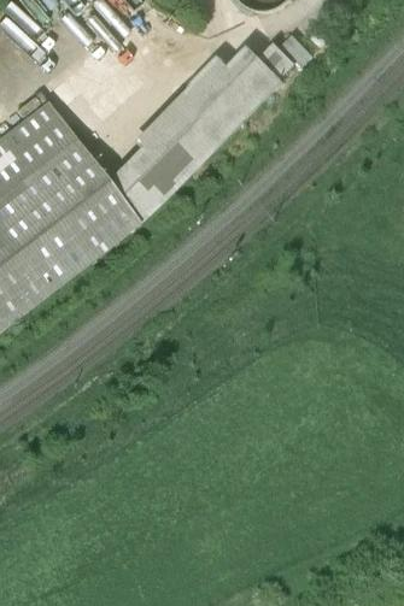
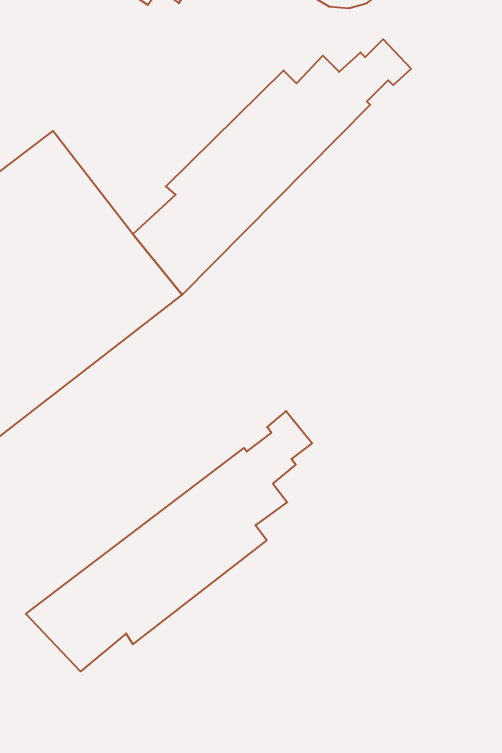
building: none -> [26,411,312,671]

